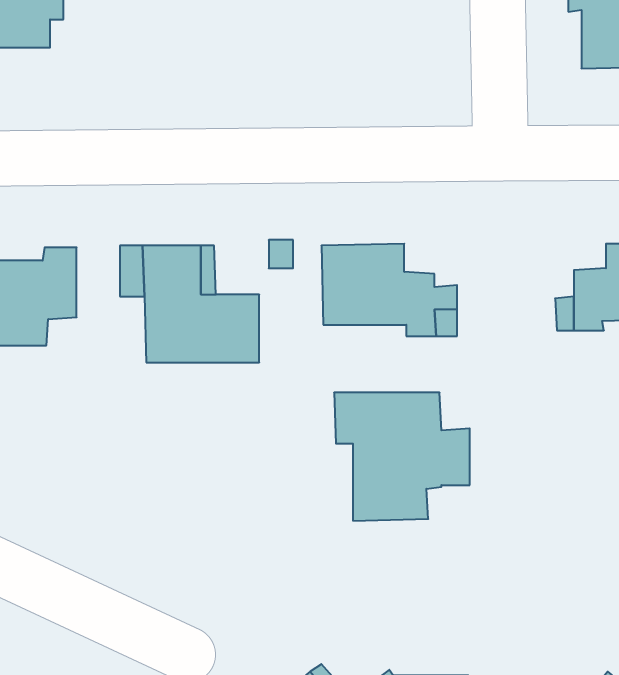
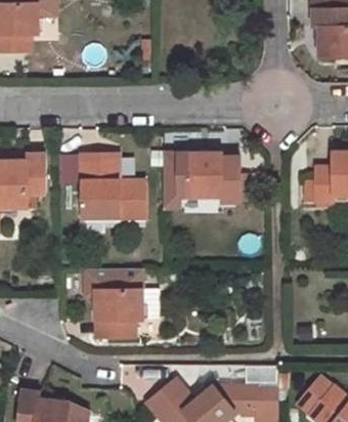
building: [334,393,470,521] -> [85,267,159,337]

